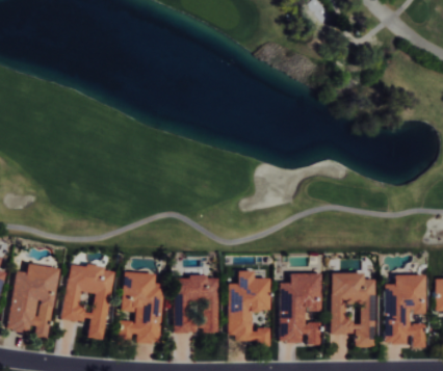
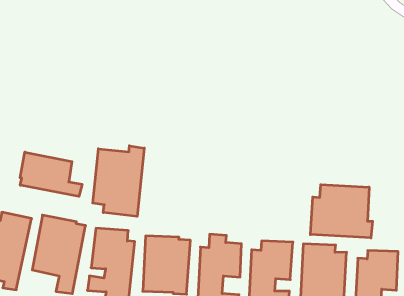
building: none -> [93,146,144,216]
building: none -> [20,152,82,196]
building: none -> [310,185,373,238]

